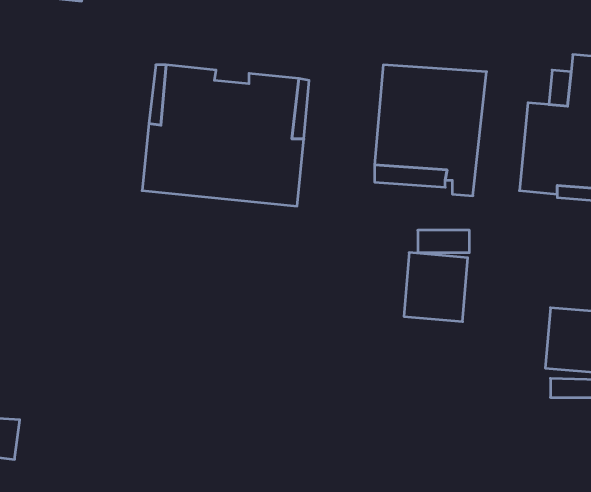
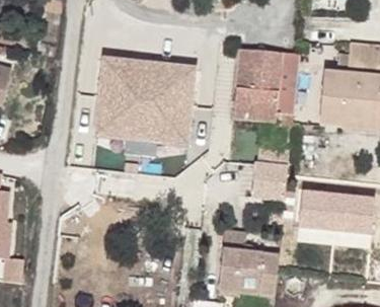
building: none -> [298,187,337,227]
building: none -> [219,230,279,295]

